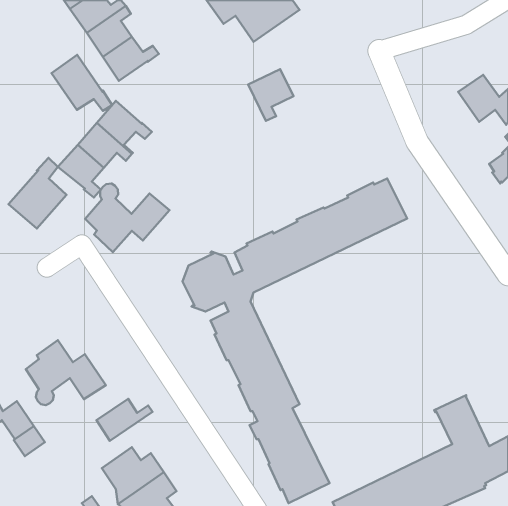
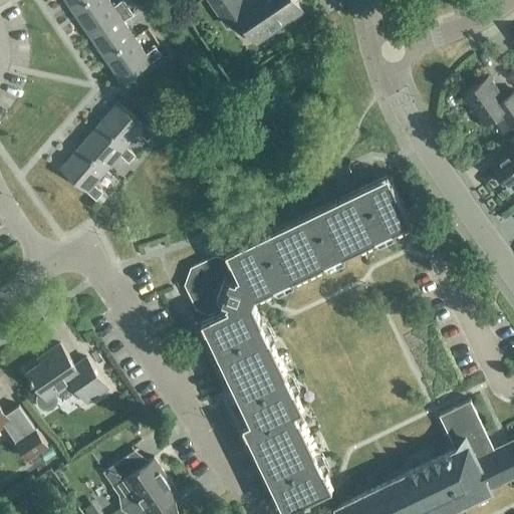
building: [52,55,112,111] -> none
building: [248,69,293,121] -> none
building: [8,158,66,228] -> none
building: [85,183,170,252] -> none
building: [97,399,152,441] -> none

